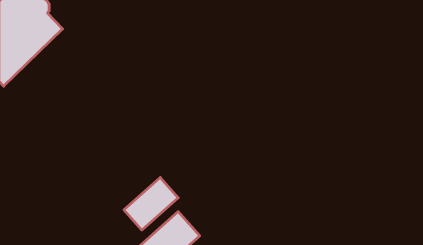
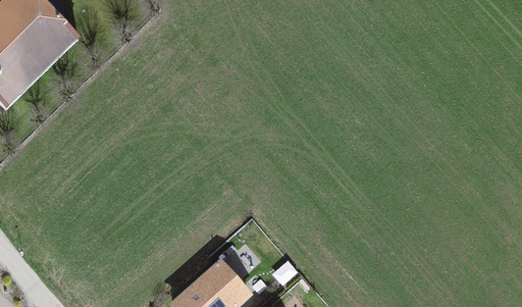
building: [124,177,178,230] -> none

